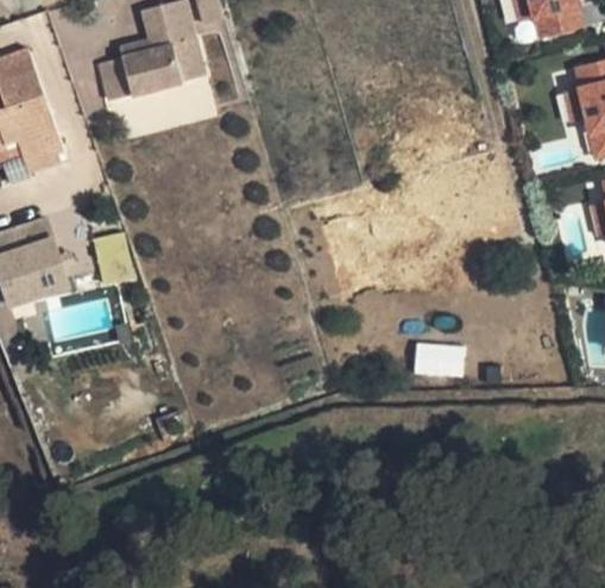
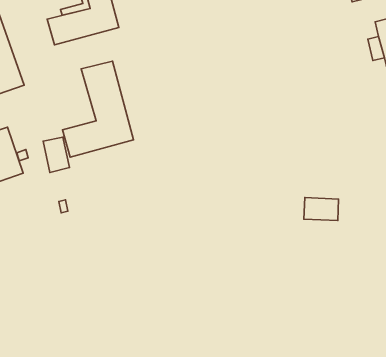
building: none -> [63,61,134,157]
building: [414,343,464,376] -> [304,198,339,221]

